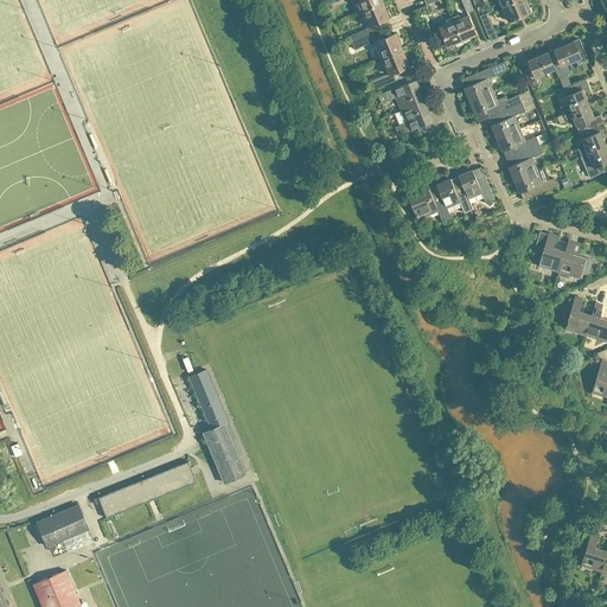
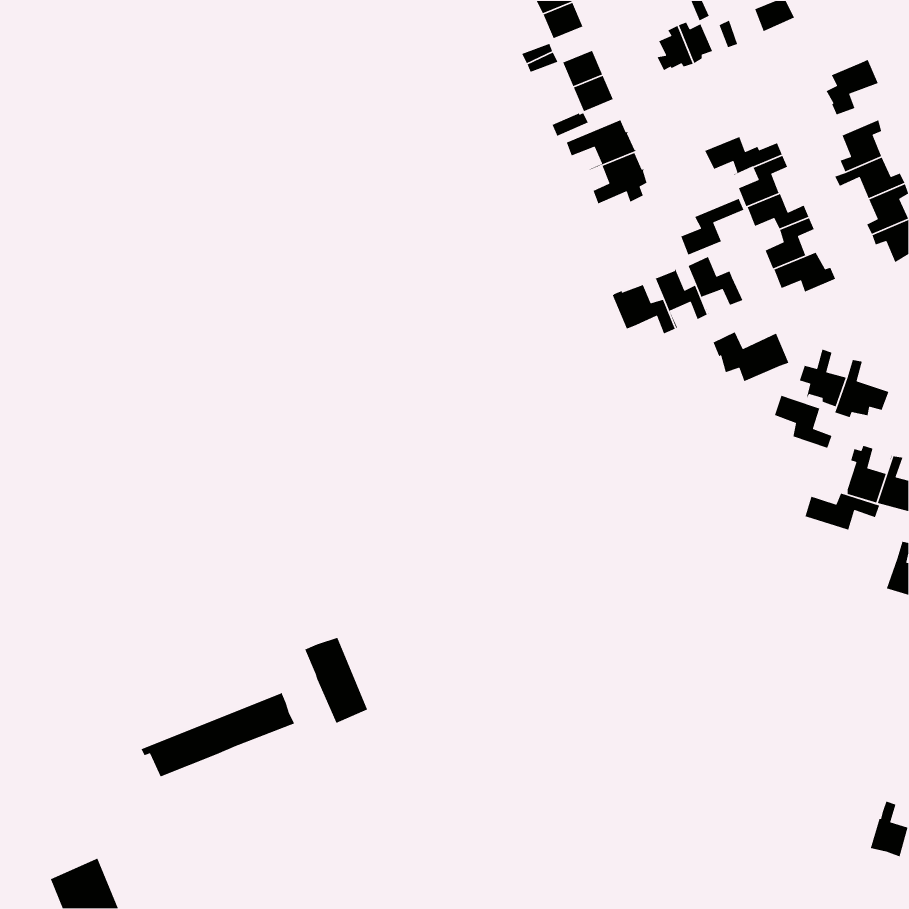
building: [524,52,555,89] -> none
building: [461,62,507,101] -> [675,198,744,256]
building: none -> [712,331,789,382]
building: none -> [772,394,834,449]
building: none -> [800,493,880,535]
building: [190,370,229,429] -> none
building: [37,505,88,547] -> none

